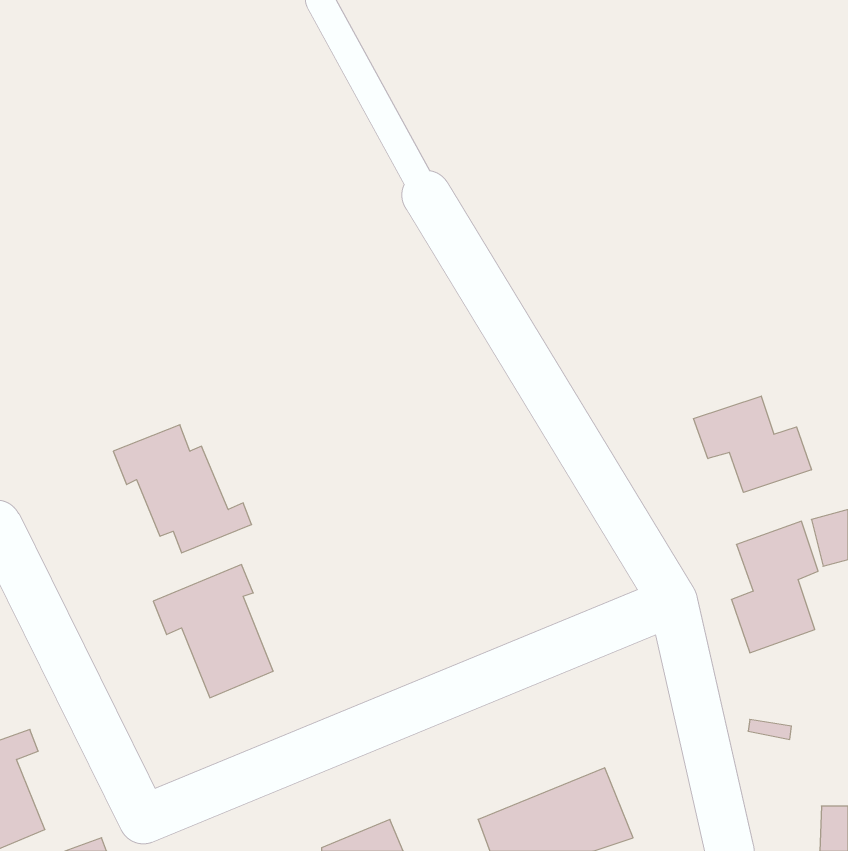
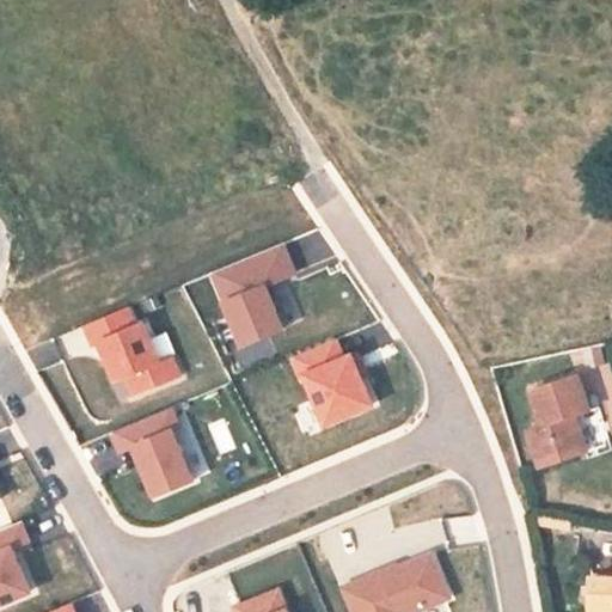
building: none -> [207,245,295,356]
building: [694,396,811,492] -> none
building: none -> [288,338,377,430]

